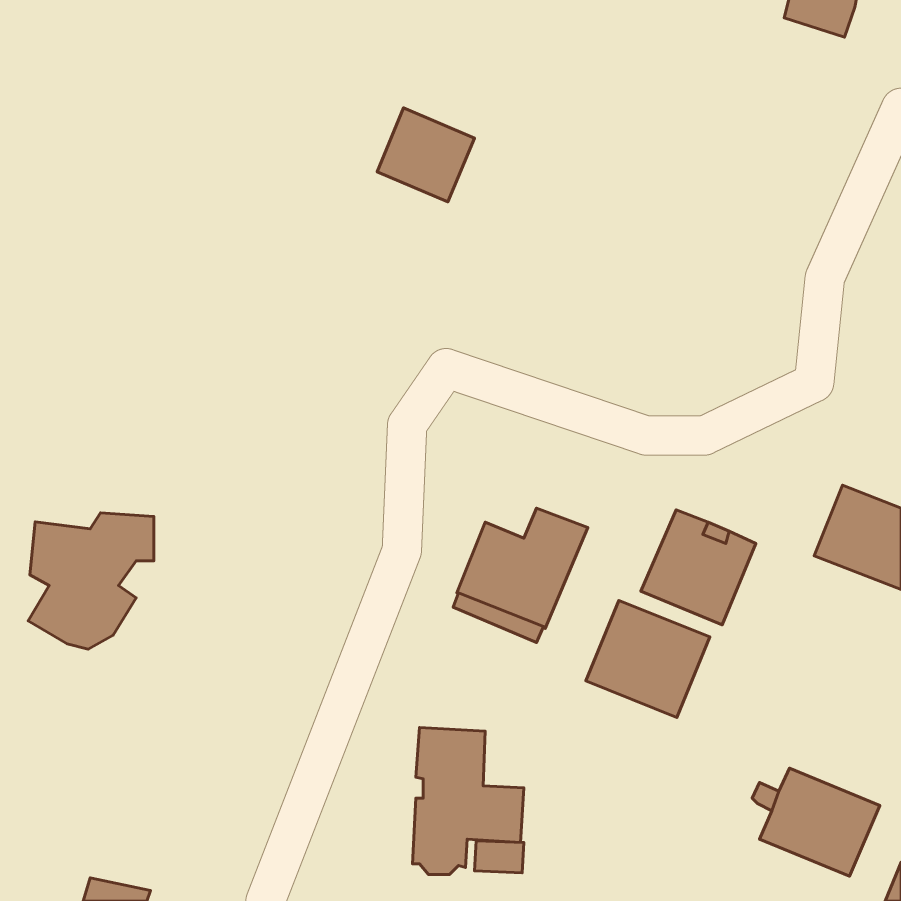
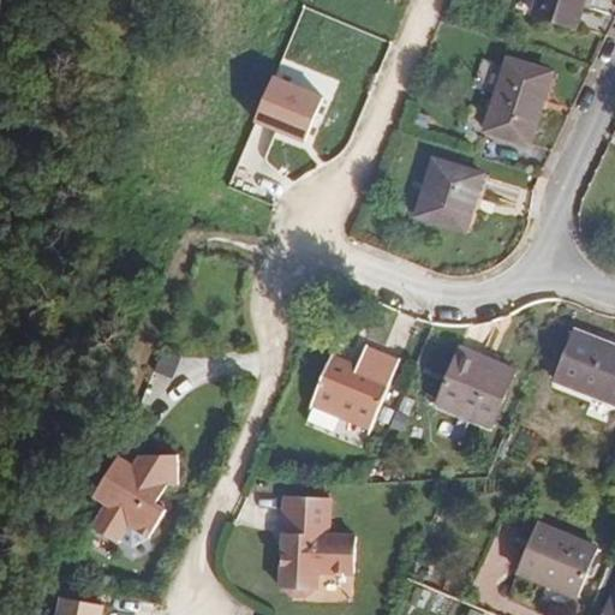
building: none -> [483,56,547,143]
building: none -> [413,156,482,229]
building: [28,513,154,649] -> [90,453,175,545]
building: [586,600,710,717] -> none

